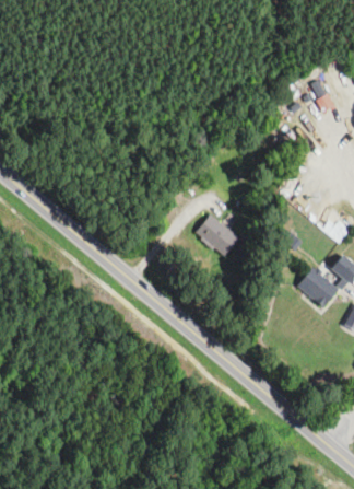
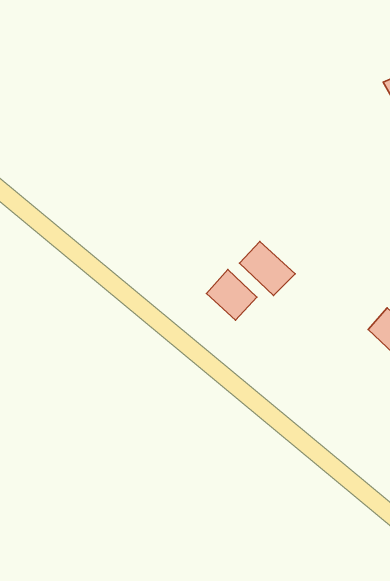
building: none -> [206,270,257,320]

